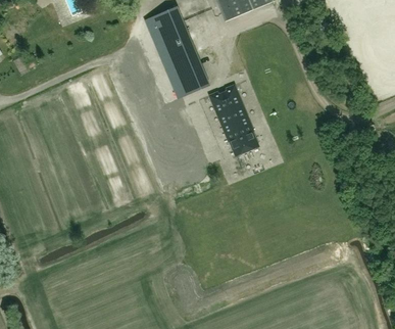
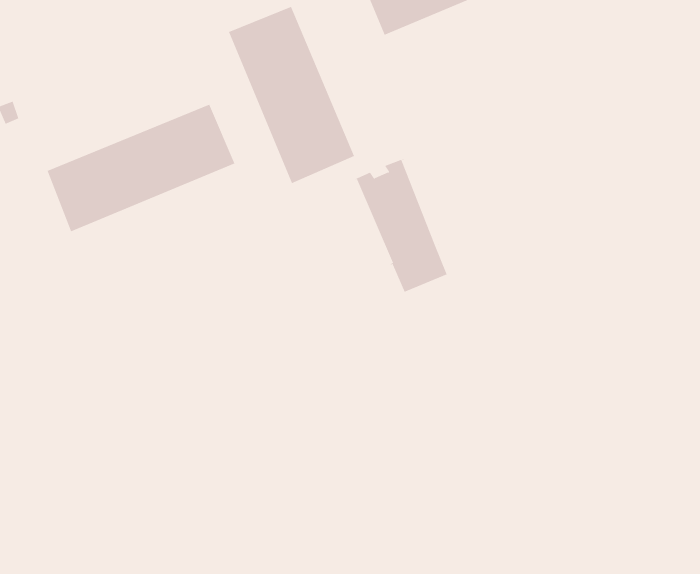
building: none -> [47,104,235,232]

